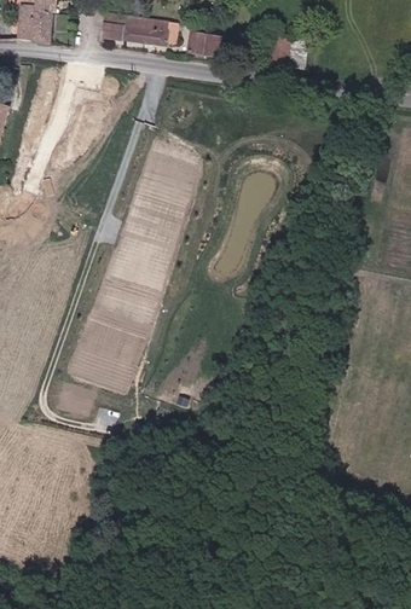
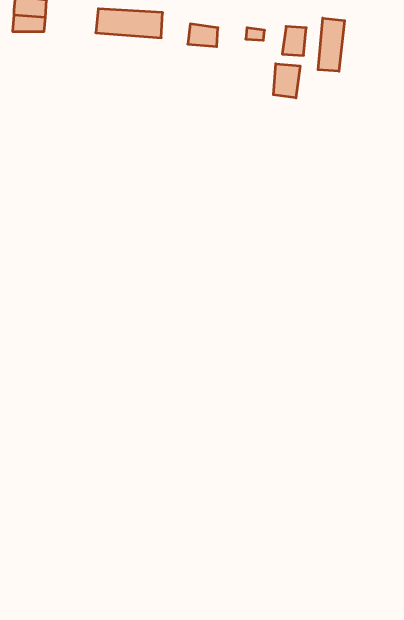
building: none -> [318,18,345,71]
building: none -> [273,64,300,98]

